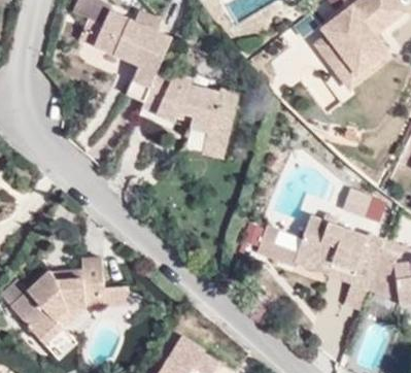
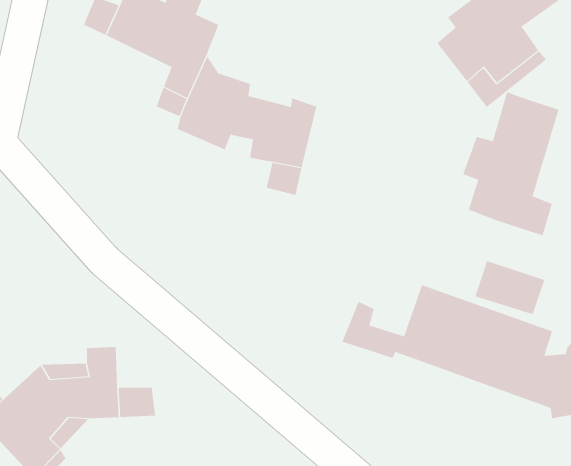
building: none -> [463,92,559,236]

